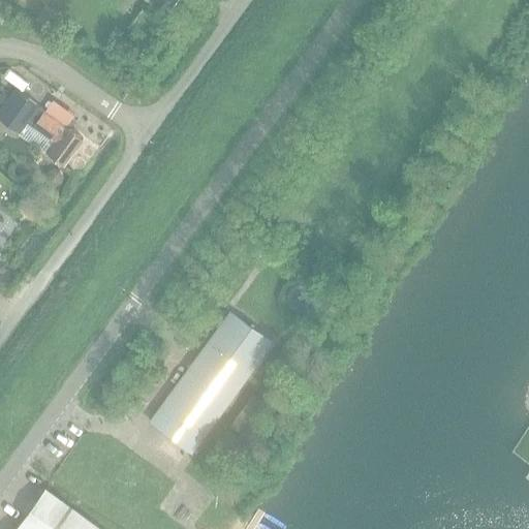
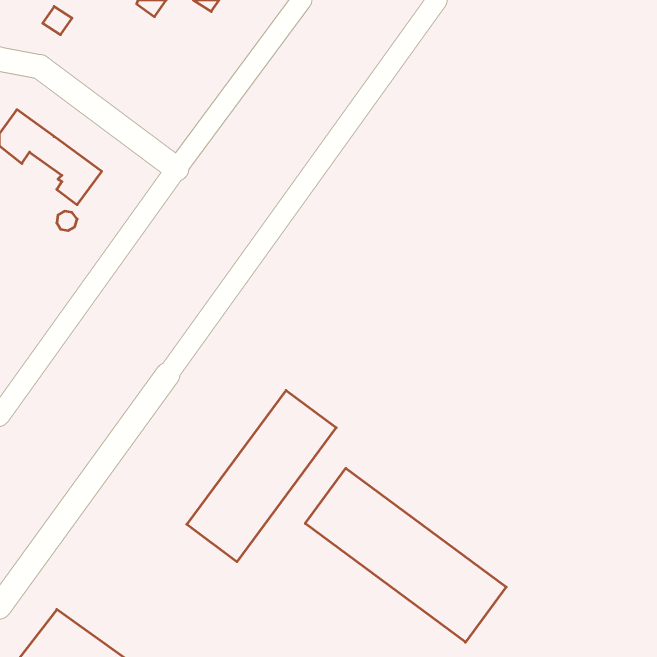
building: none -> [305,468,506,642]

